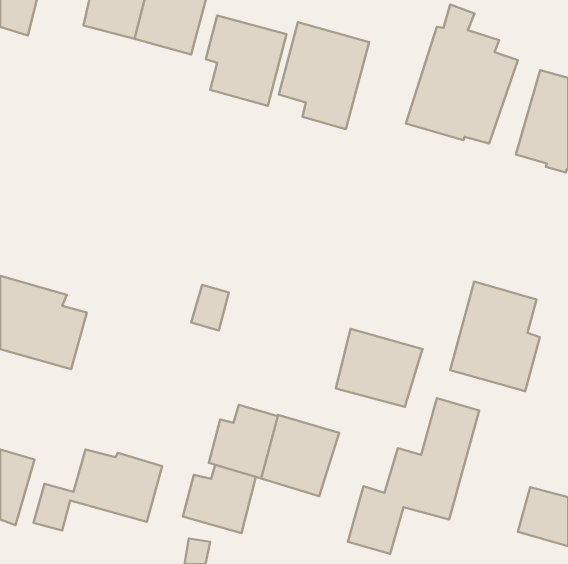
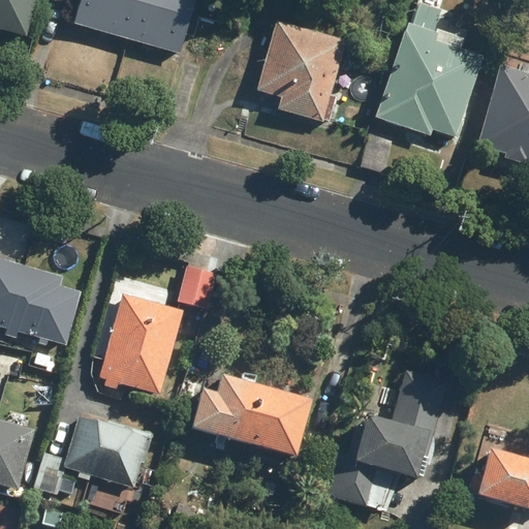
building: [206,16,286,106] -> none
building: [450,281,540,391] -> none
building: none -> [100,293,181,394]
building: [336,329,423,407] -> none
building: [183,465,256,533] -> none

